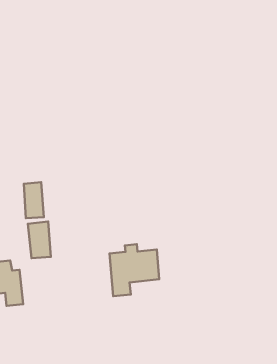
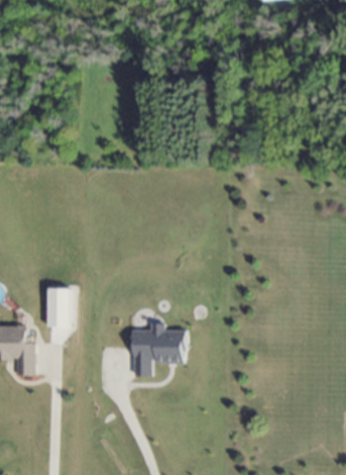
building: [24,182,44,218] -> none

